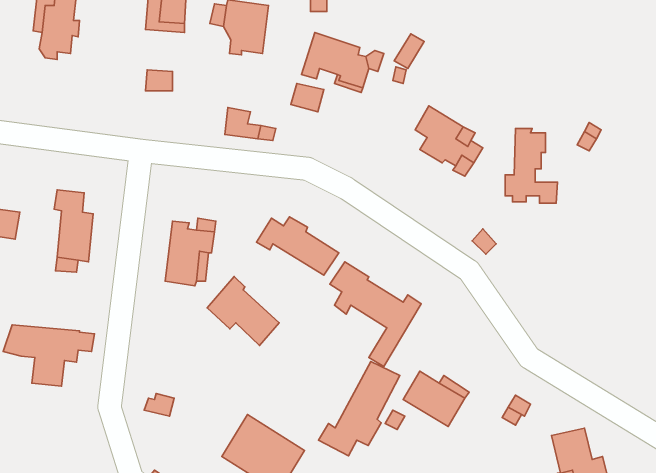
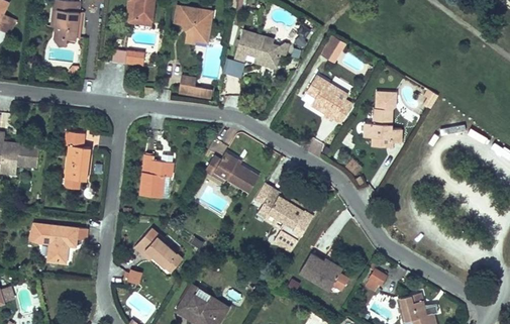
building: none -> [319,34,345,63]
building: [207,276,279,345] -> [136,227,185,274]
building: [319,361,400,456] -> none

